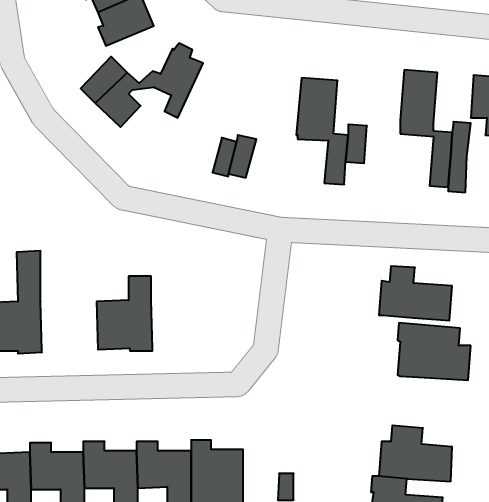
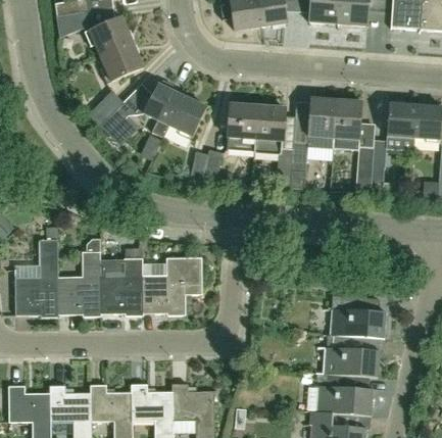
building: none -> [162,95,206,137]
building: none -> [307,98,336,139]
building: none -> [227,104,257,150]
building: [379,266,452,321] -> [324,335,380,377]
building: none -> [57,251,101,317]
building: none -> [142,257,201,314]

